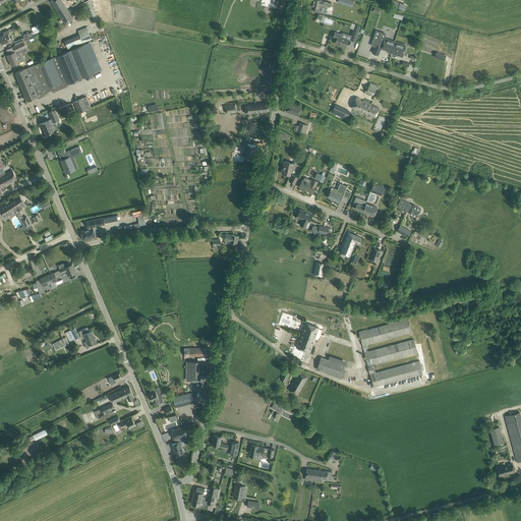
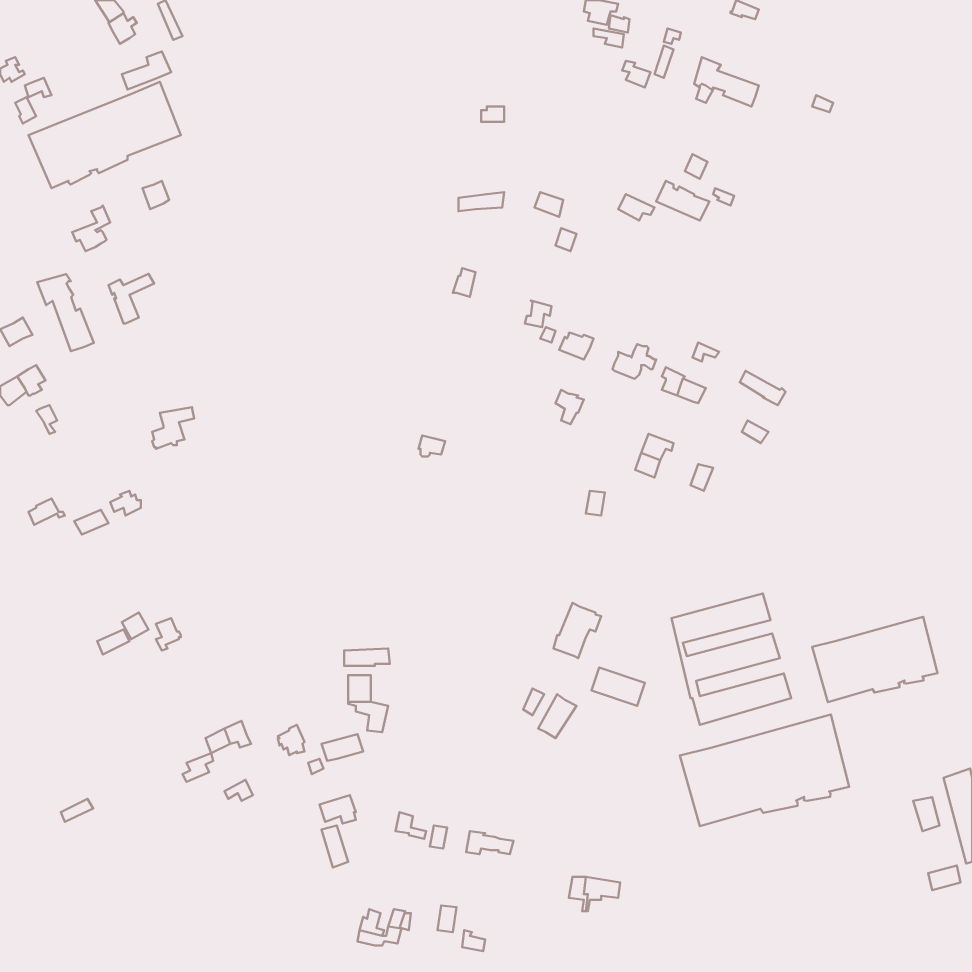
building: none -> [37,274,94,351]
building: none -> [812,617,937,702]
building: none -> [680,715,849,826]

